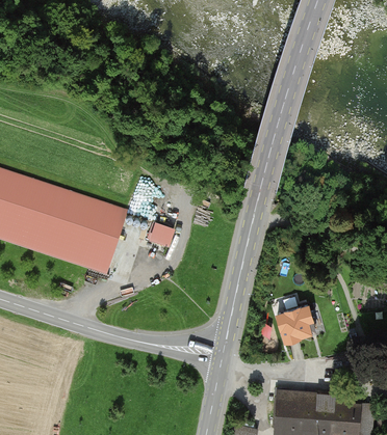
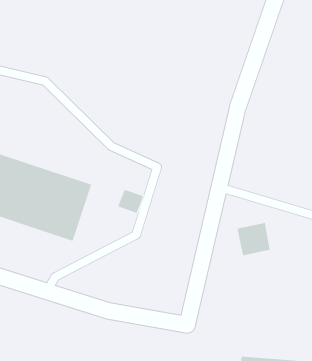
building: [275,304,310,339] -> [236,222,270,256]

